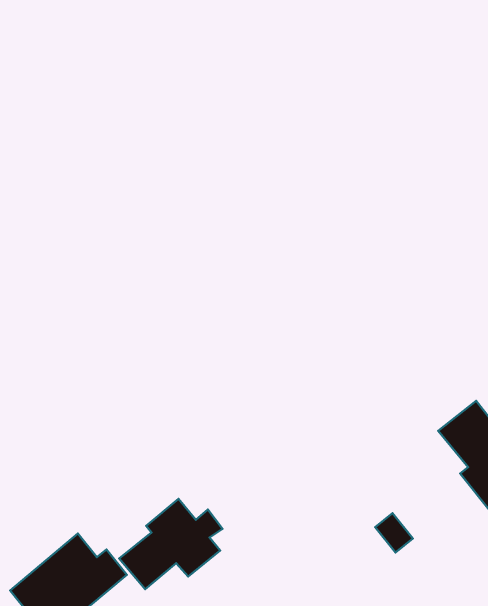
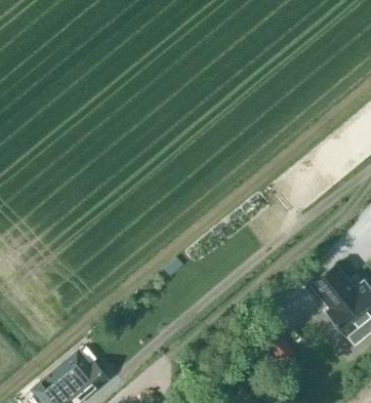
building: [119,499,223,589] -> none

